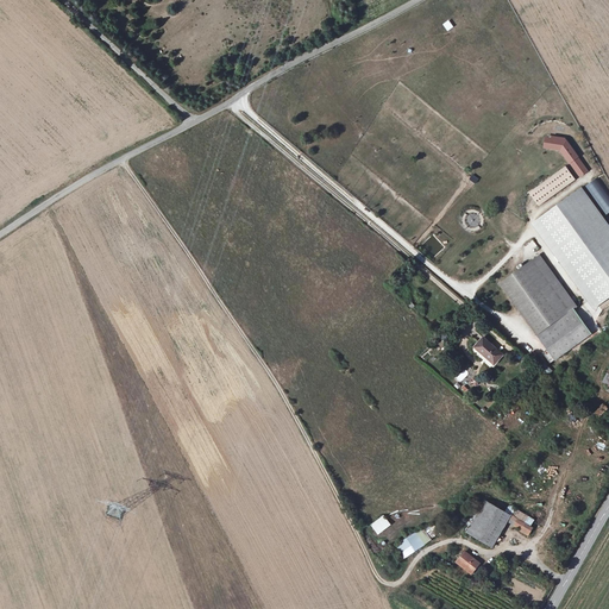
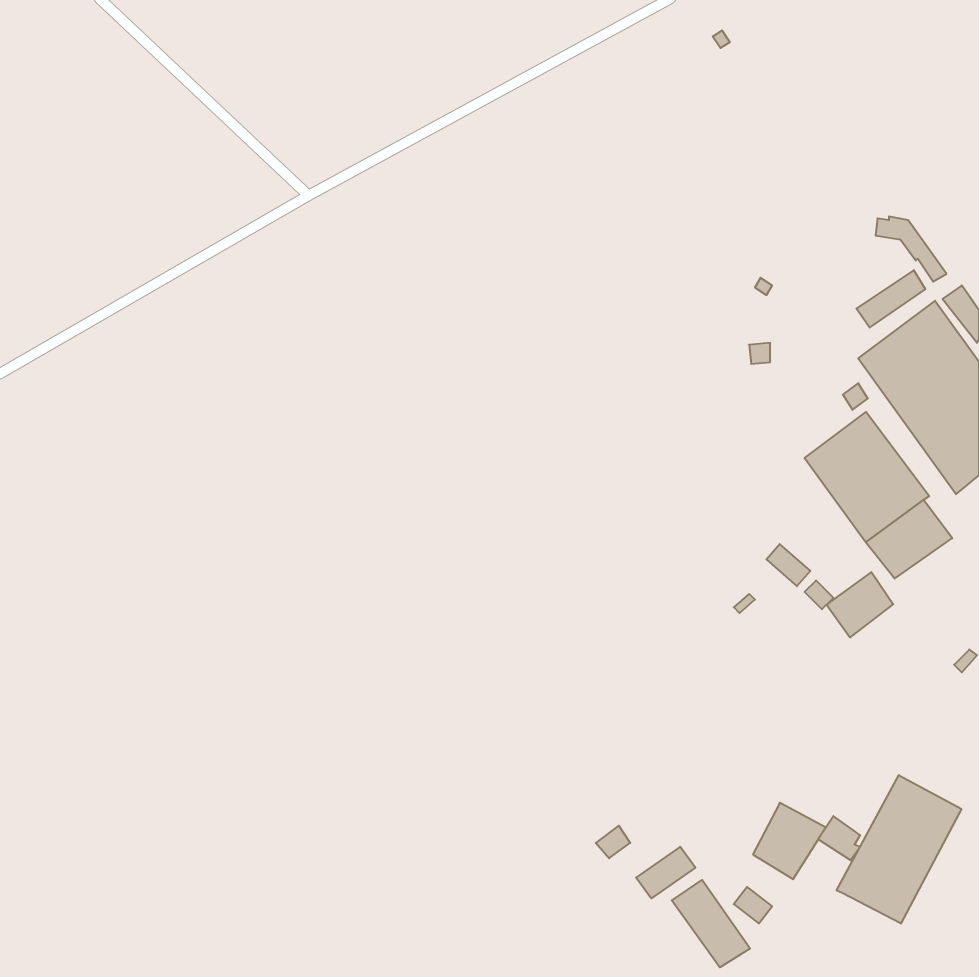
building: none -> [827,572,893,637]
building: none -> [837,775,961,924]
building: none -> [672,880,750,967]

